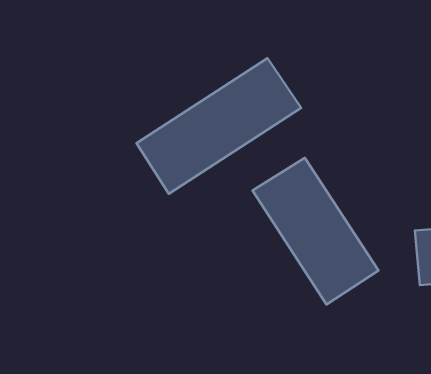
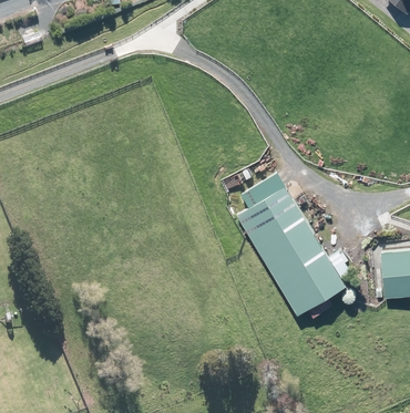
building: [137,58,301,194] -> none

